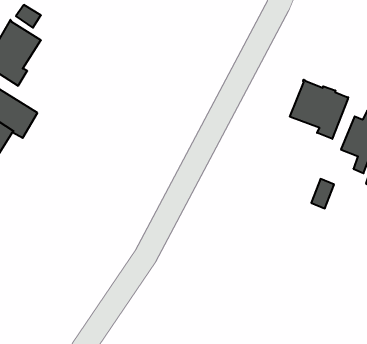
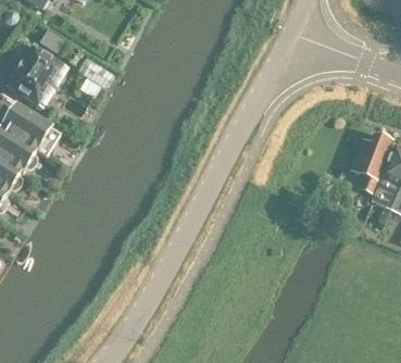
building: [290,80,348,139] -> none

